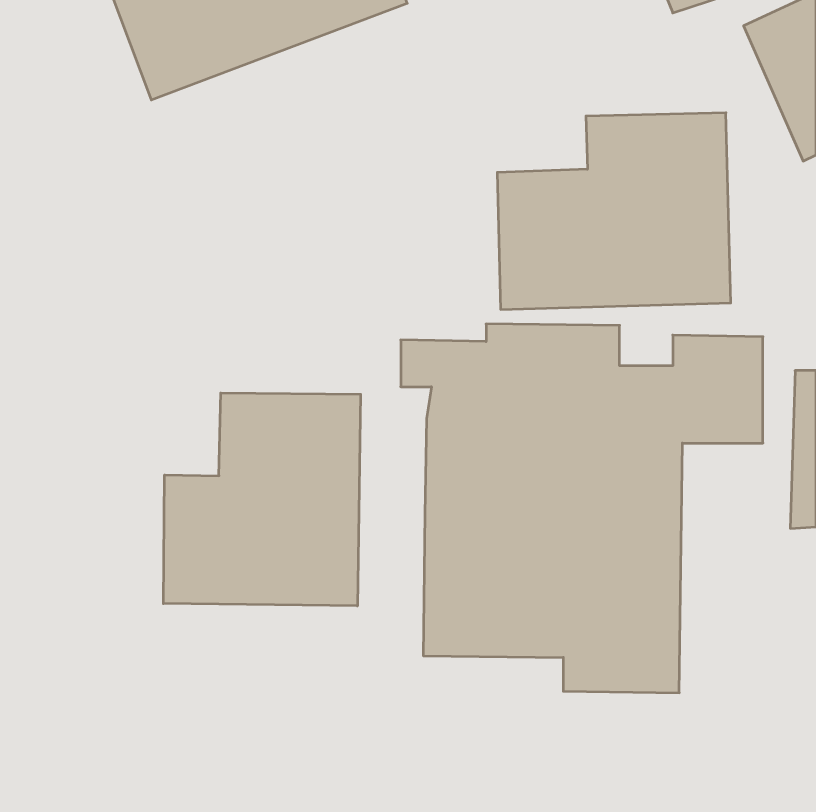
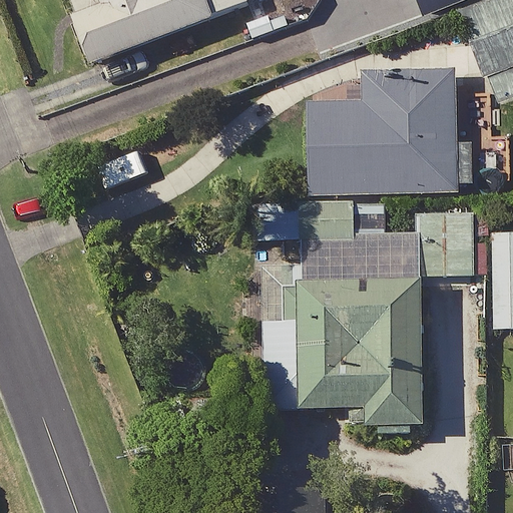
building: [163,393,361,606] -> none

